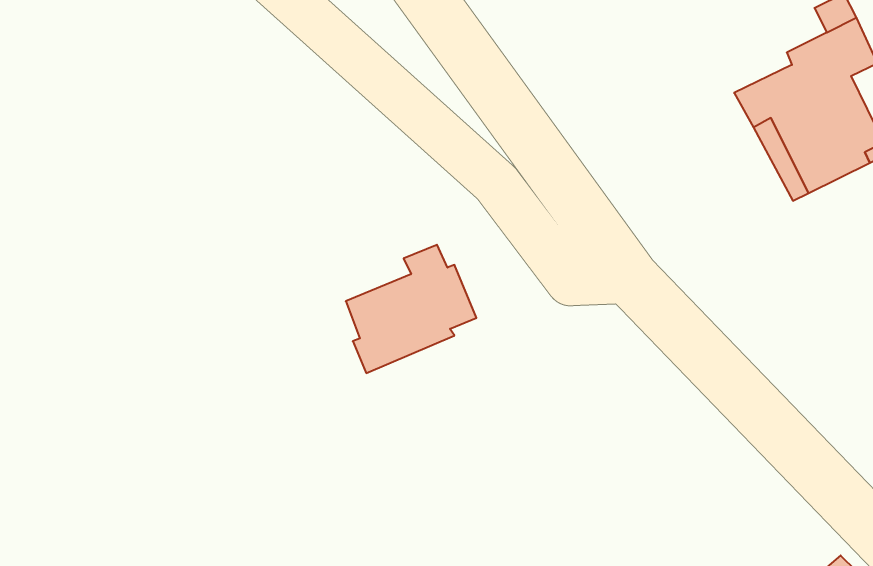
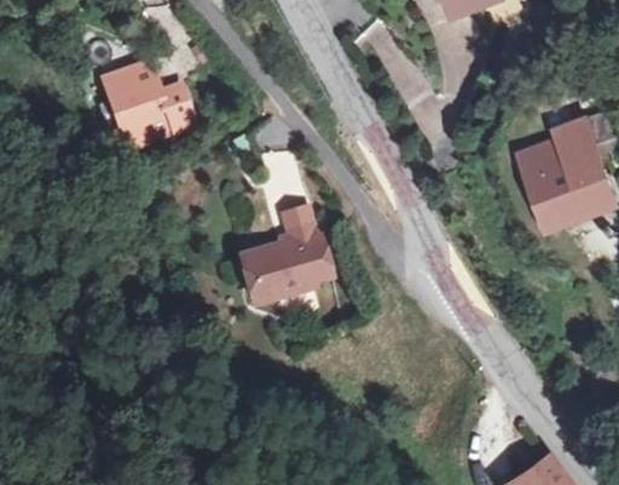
building: none -> [103,63,192,146]

